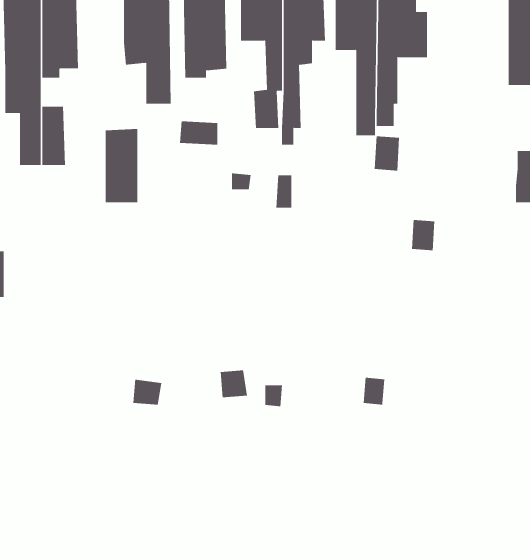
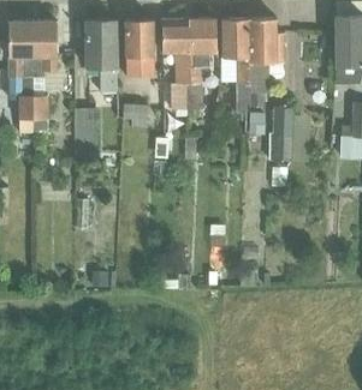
building: none -> [267,108,292,162]

